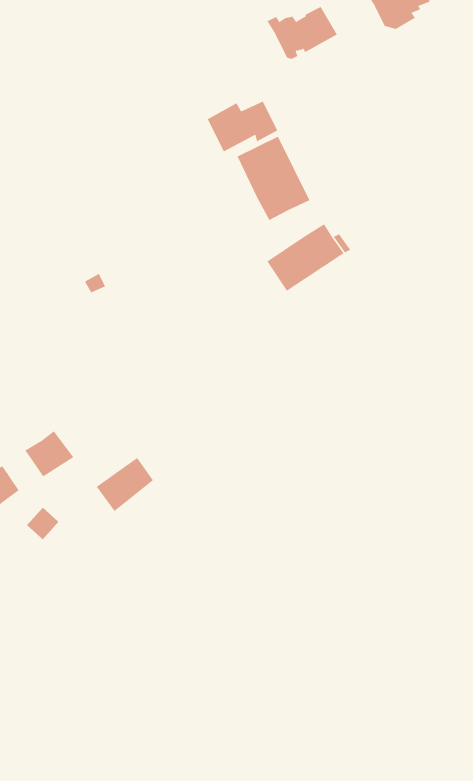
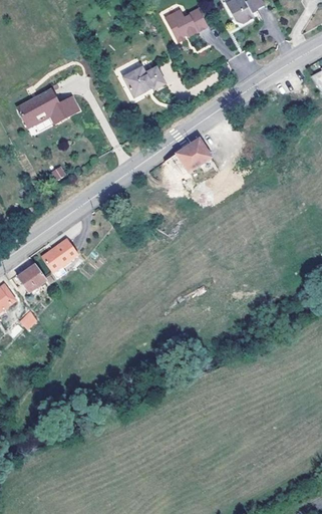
building: [237,136,310,221] -> none
building: none -> [17,86,79,126]
building: [96,457,154,512] -> [41,239,76,272]

